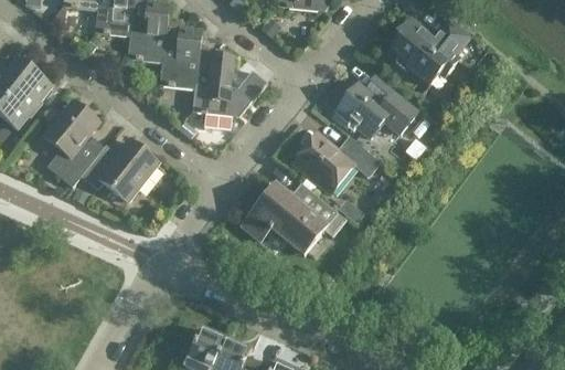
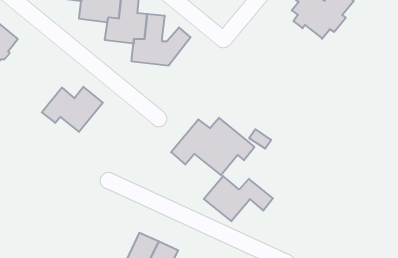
building: [337,83,418,136] -> none
building: [45,102,99,187] -> none
building: [294,133,380,189] -> [204,176,273,221]

